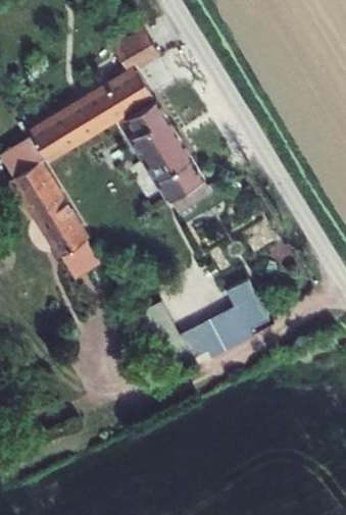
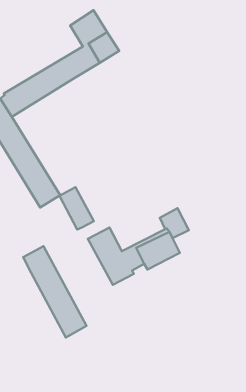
building: [117,100,211,217] -> none
building: none -> [60,187,94,230]
building: none -> [23,246,87,337]

